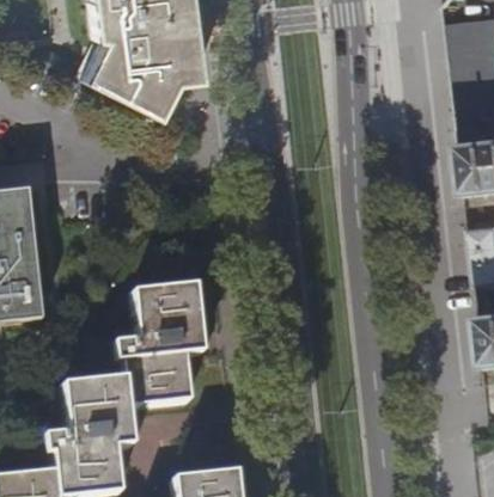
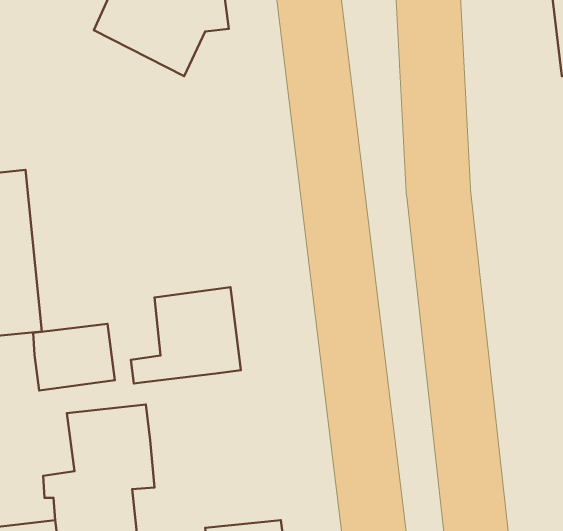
building: [126,350,191,404] -> [33,324,115,391]

